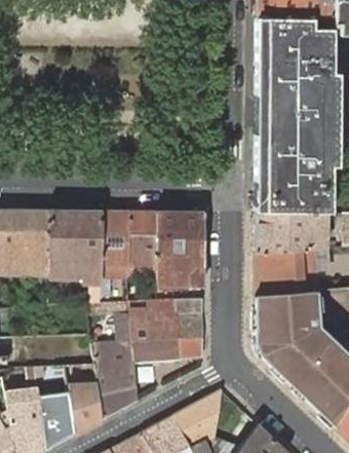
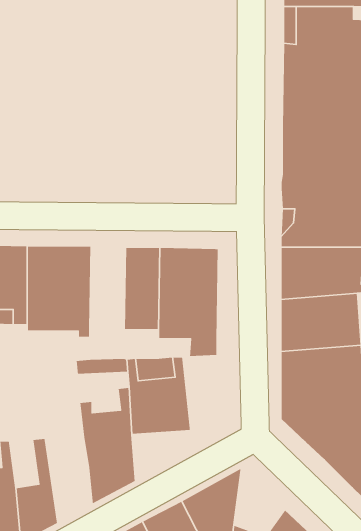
building: [101,210,129,277] -> none
building: [176,298,204,356] -> none
building: [68,384,103,433] -> none

